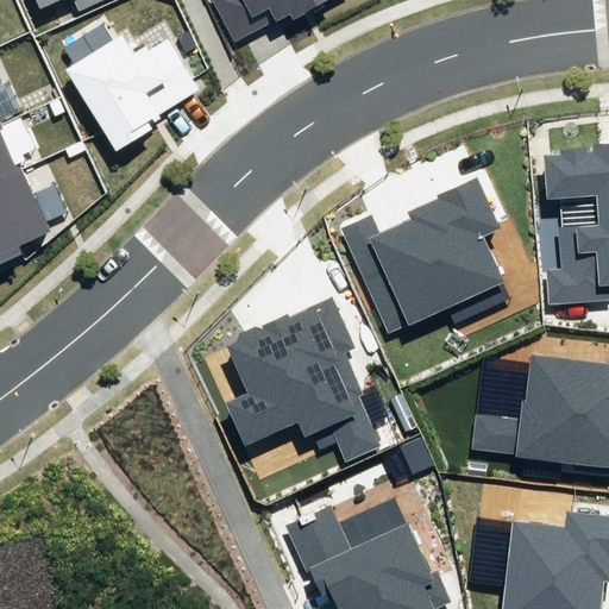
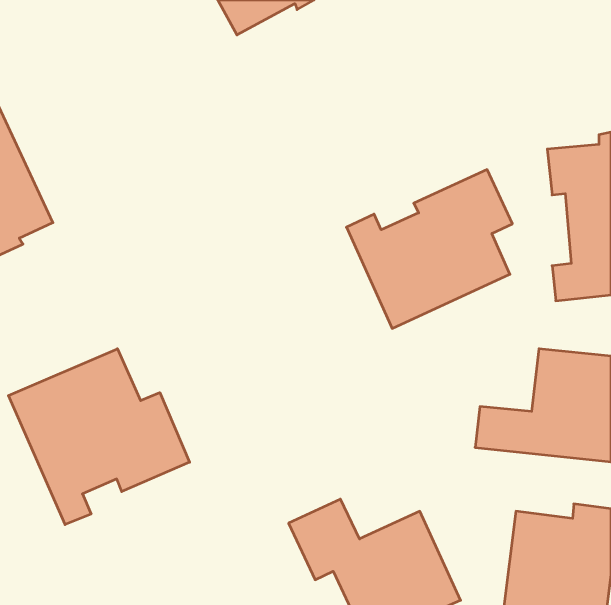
building: [69,37,199,151] -> none
building: [226,290,385,460] -> none
building: none -> [8,349,190,525]

